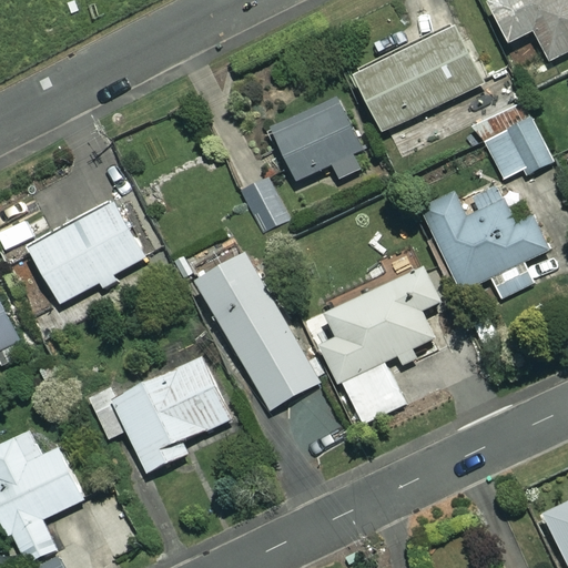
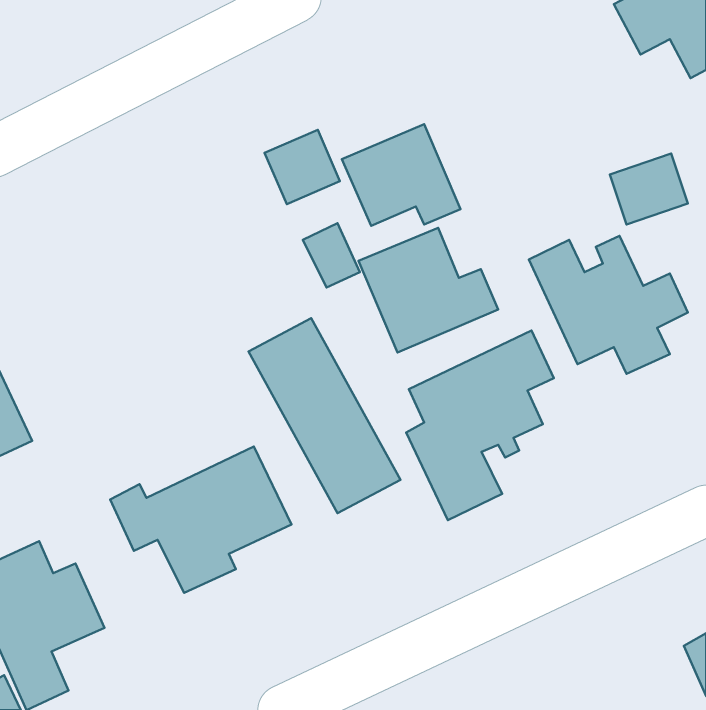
building: [355,24,485,130] -> none
building: none -> [265,130,340,204]
building: none -> [358,228,498,352]
building: [30,202,146,305] -> none

